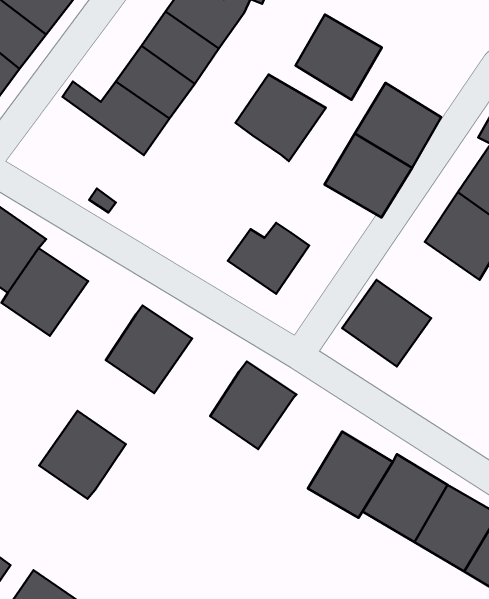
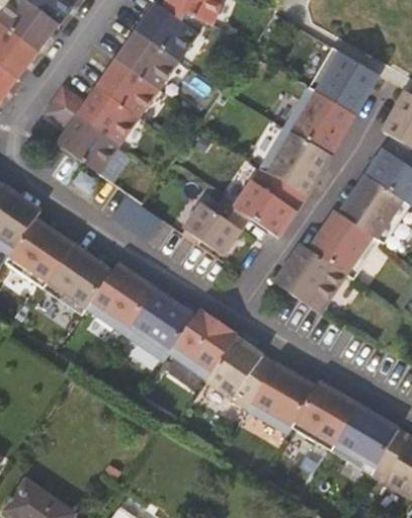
building: [295,14,382,100] -> [310,47,379,114]
building: [236,75,326,161] -> [235,168,307,237]
building: none -> [44,98,117,173]
building: none -> [116,191,168,239]
building: none -> [310,210,381,279]
building: none -> [126,290,193,360]
building: none -> [208,337,275,410]
building: [39,411,126,499] -> [43,245,111,315]

